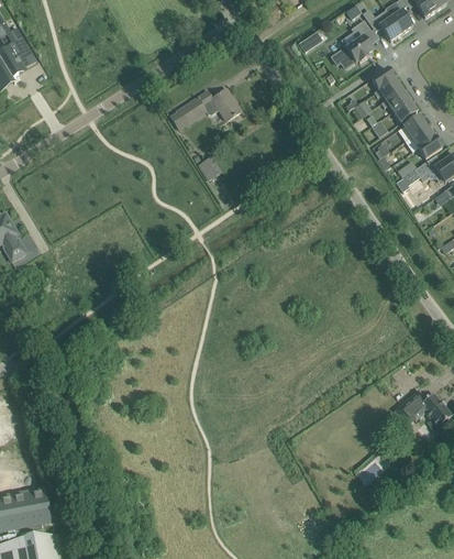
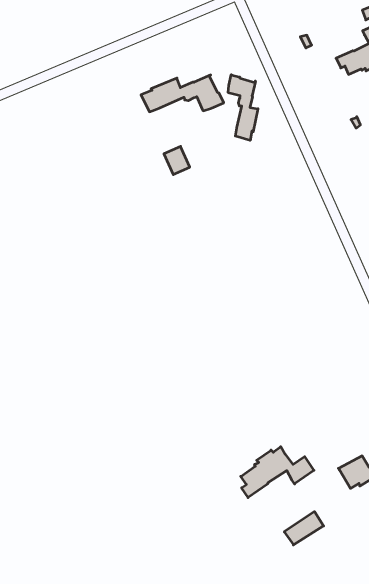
building: none -> [228,75,258,140]
building: none -> [241,447,314,498]

